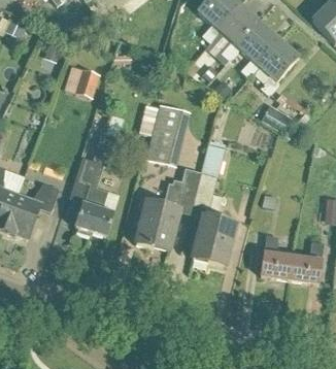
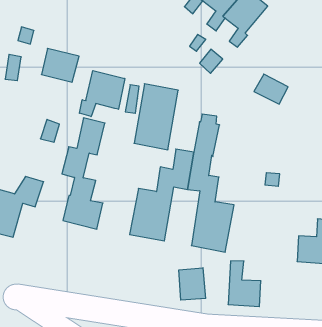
building: [257,39,299,93] -> none
building: none -> [79,71,125,117]
building: [261,234,293,278] -> [228,261,261,307]
building: none -> [179,268,206,300]

